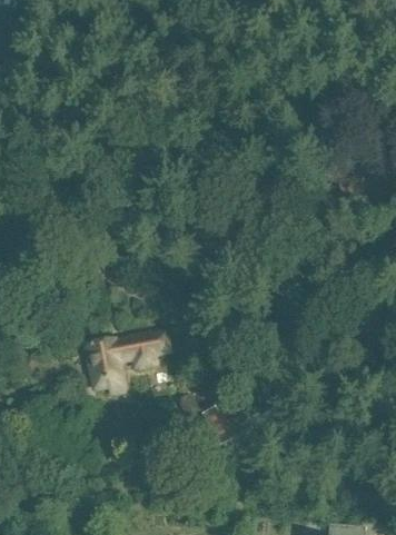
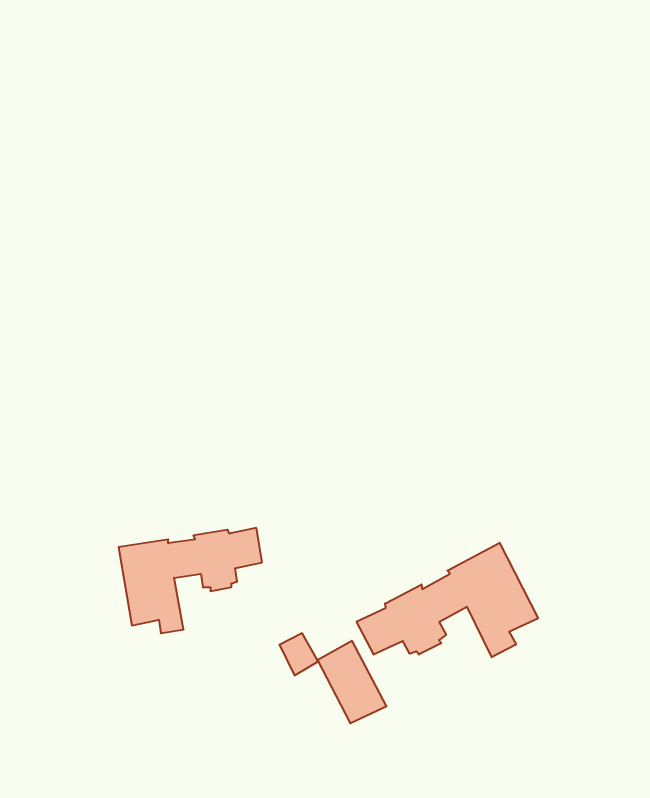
building: none -> [357,543,538,657]

